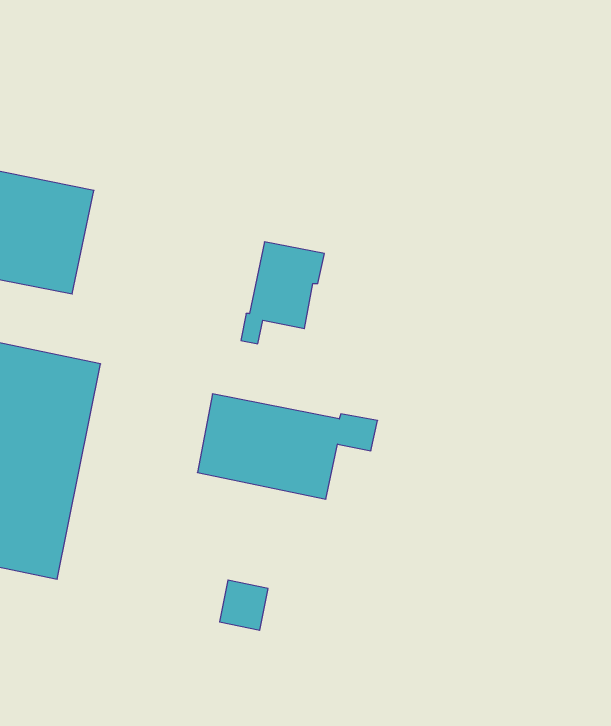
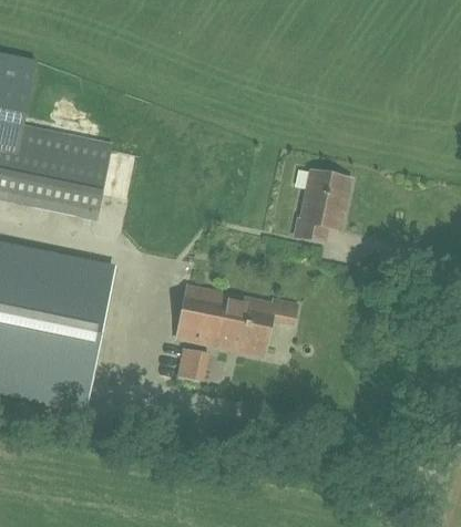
building: [241,242,324,344] -> [295,170,350,238]
building: [220,580,268,630] -> [176,347,208,380]

